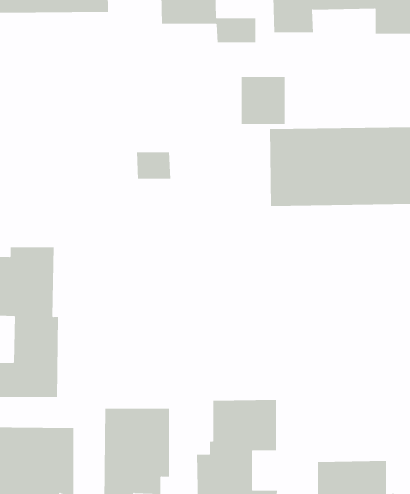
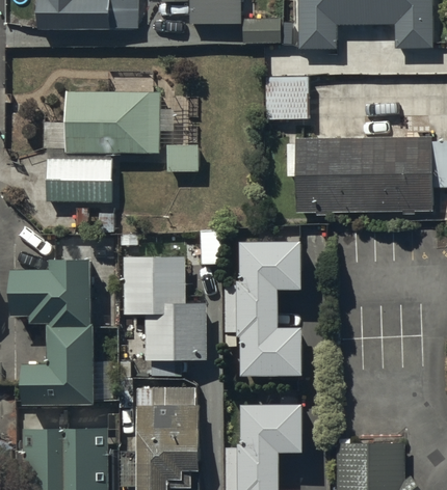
building: none -> [47,92,160,205]
building: none -> [225,236,303,371]
building: none -> [123,254,206,360]

